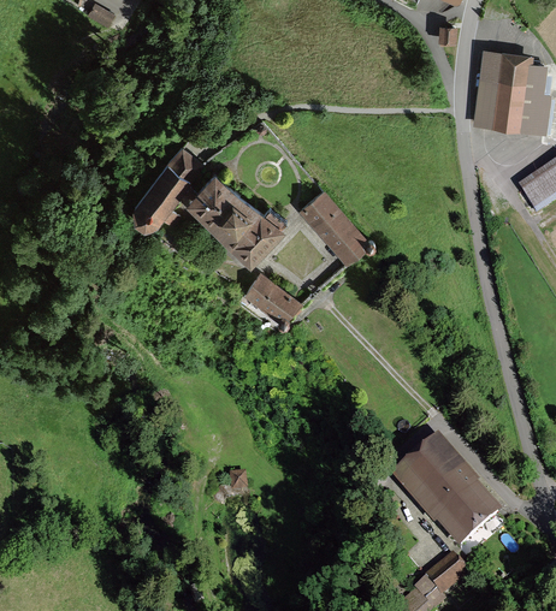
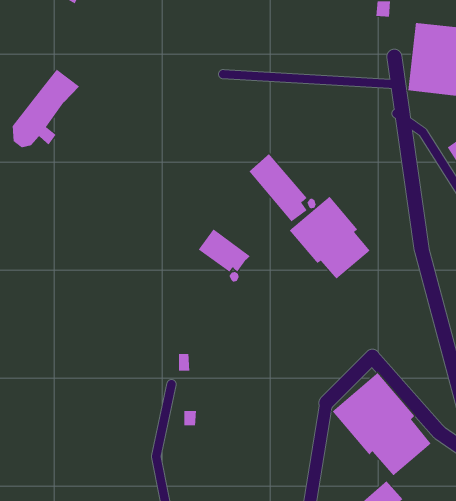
building: [134,147,208,233] -> [12,69,80,148]
building: [187,177,285,268] -> none
building: none -> [289,196,371,279]

